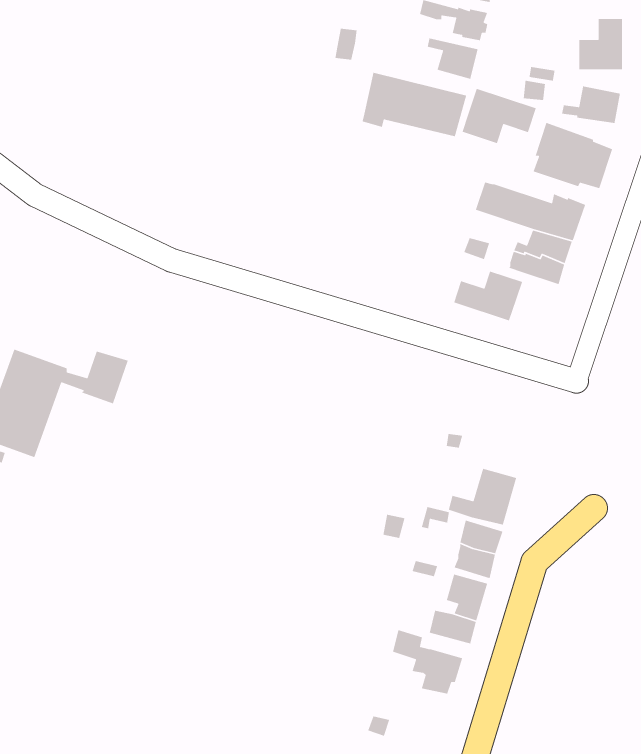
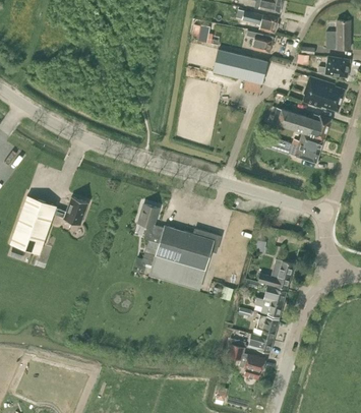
building: [462,88,537,144] -> none
building: [453,270,523,322] -> none
building: none -> [138,204,220,291]

